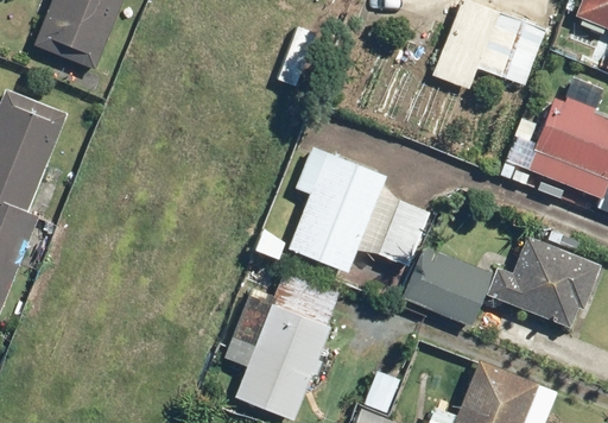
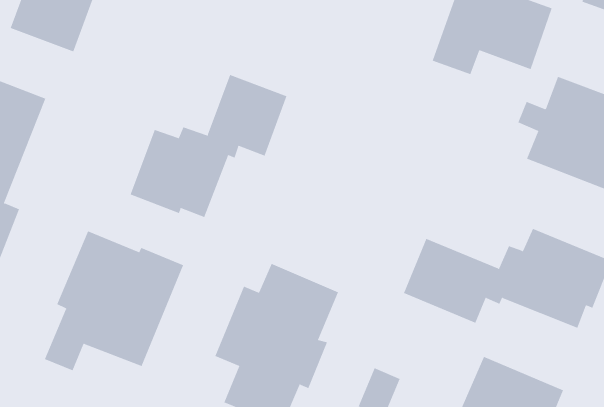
building: none -> [130,74,287,218]
building: [285,147,436,272] -> none
building: none -> [44,230,184,371]

